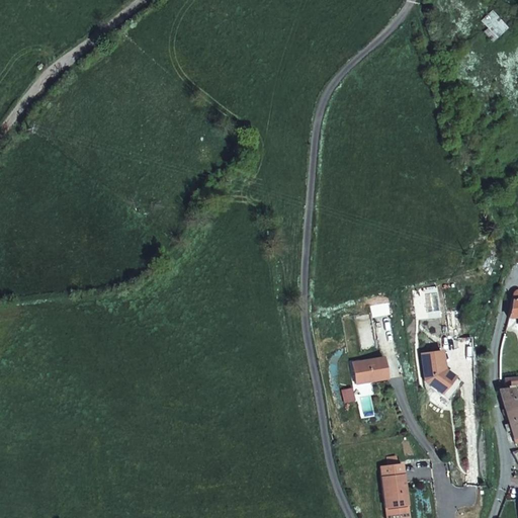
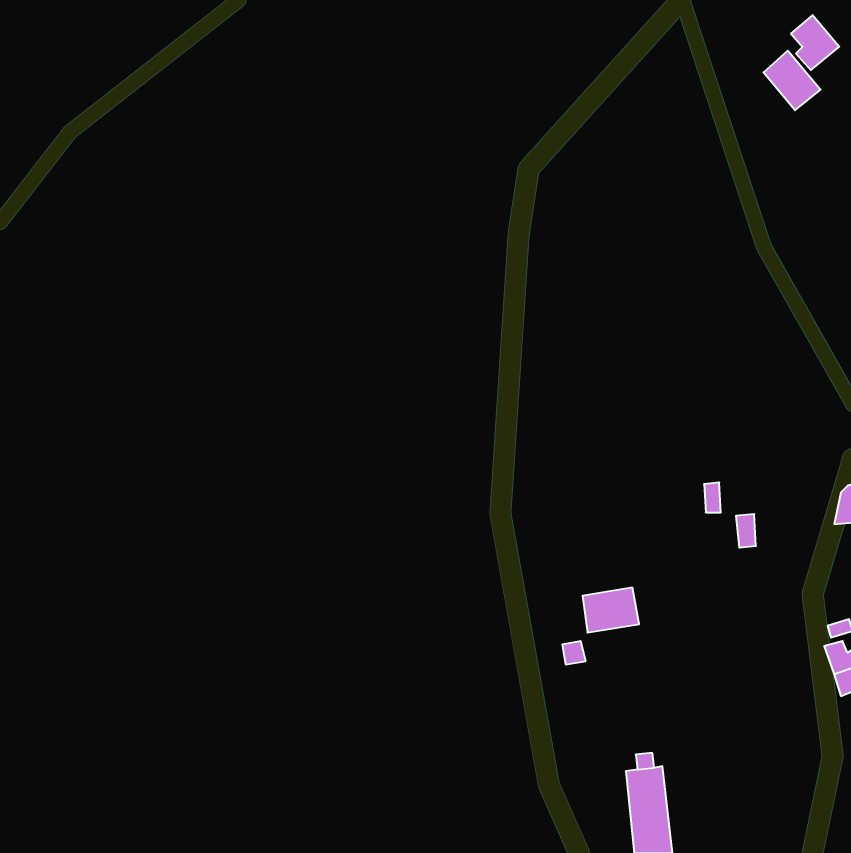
building: none -> [763,51,821,110]
building: [423,351,463,399] -> none

